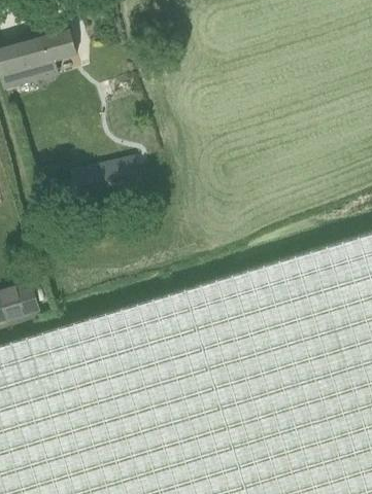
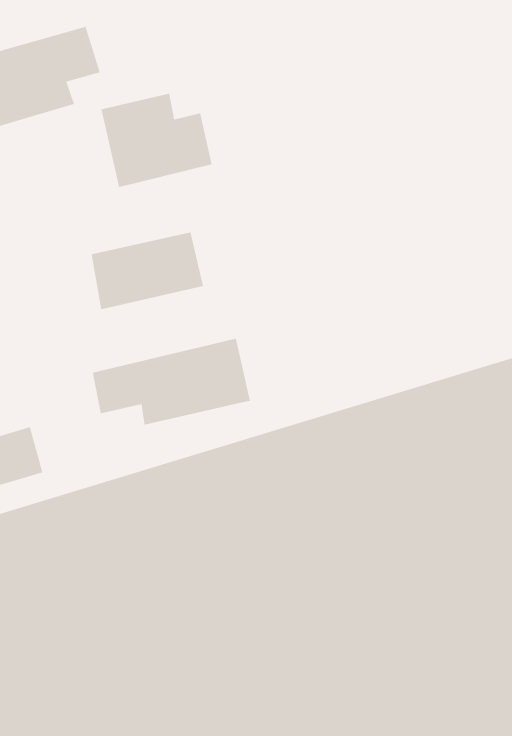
building: none -> [101,93,212,188]
building: none -> [92,338,250,426]

